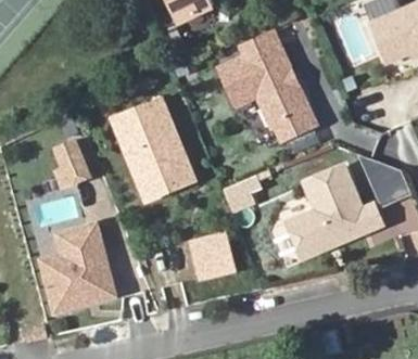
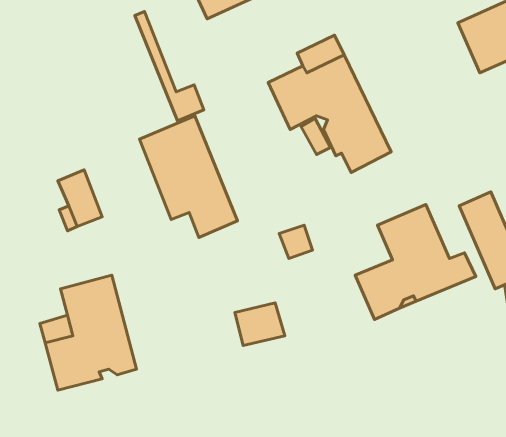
building: [111,115,165,201] -> [135,11,204,121]

